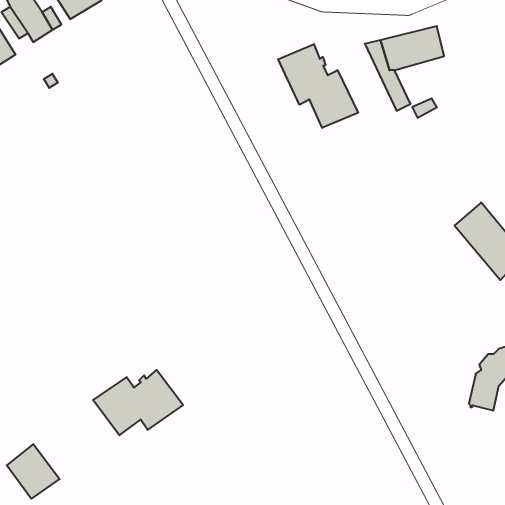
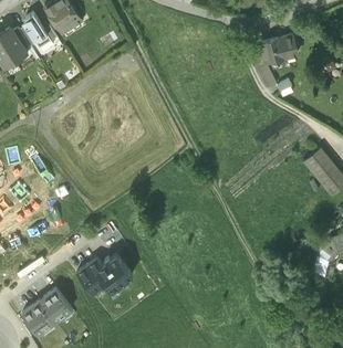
building: [278,44,358,128] -> none
building: none -> [39,287,72,321]

